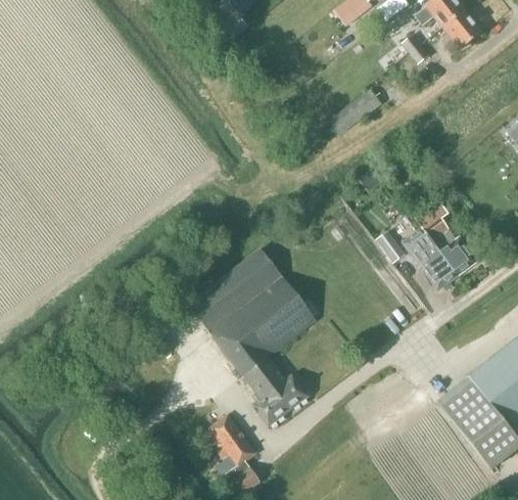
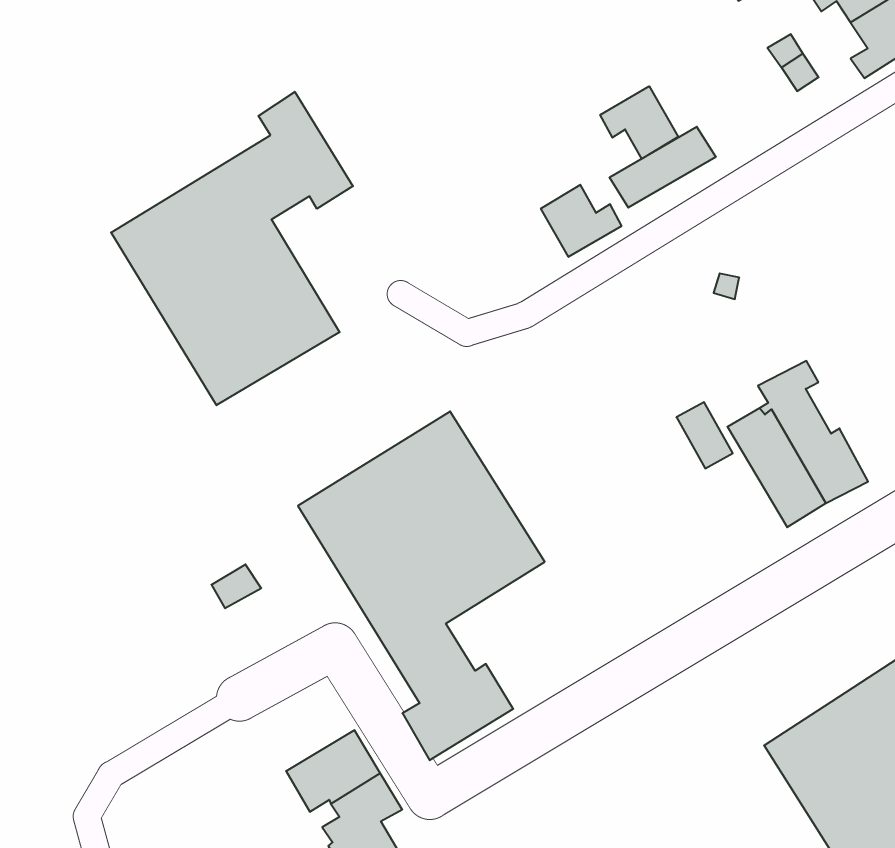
building: none -> [600,86,678,159]
building: none -> [111,92,353,405]
building: none -> [541,185,621,257]

